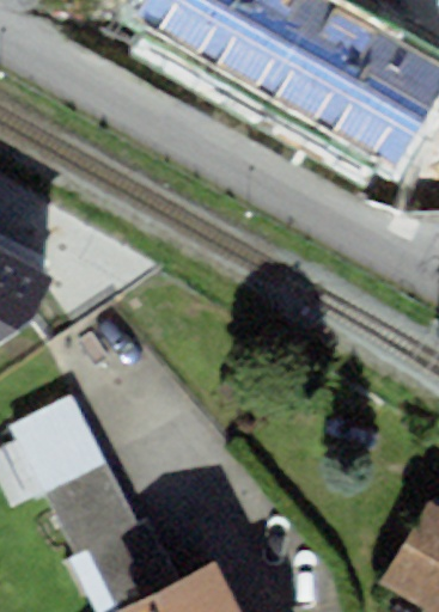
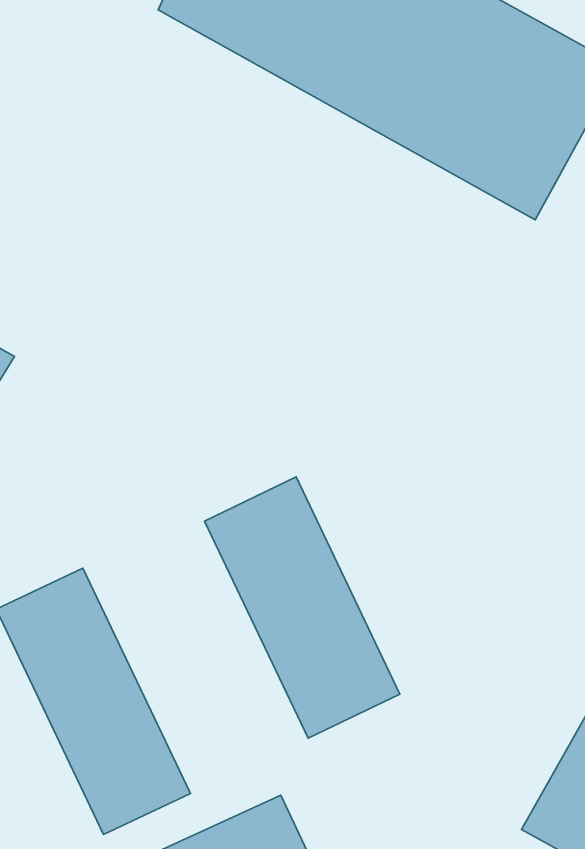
building: none -> [204,477,400,738]

